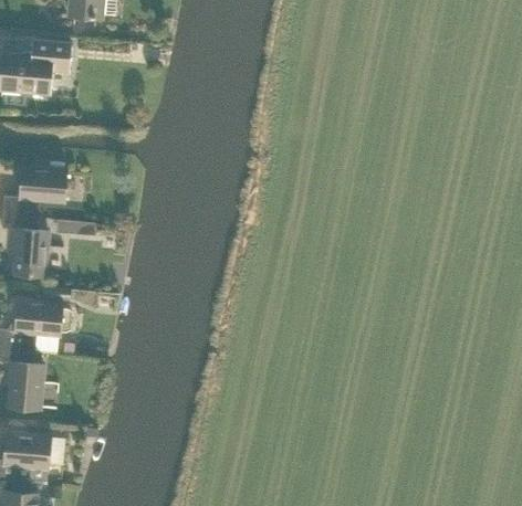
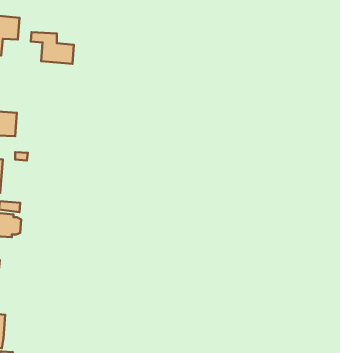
building: none -> [31,32,74,64]

